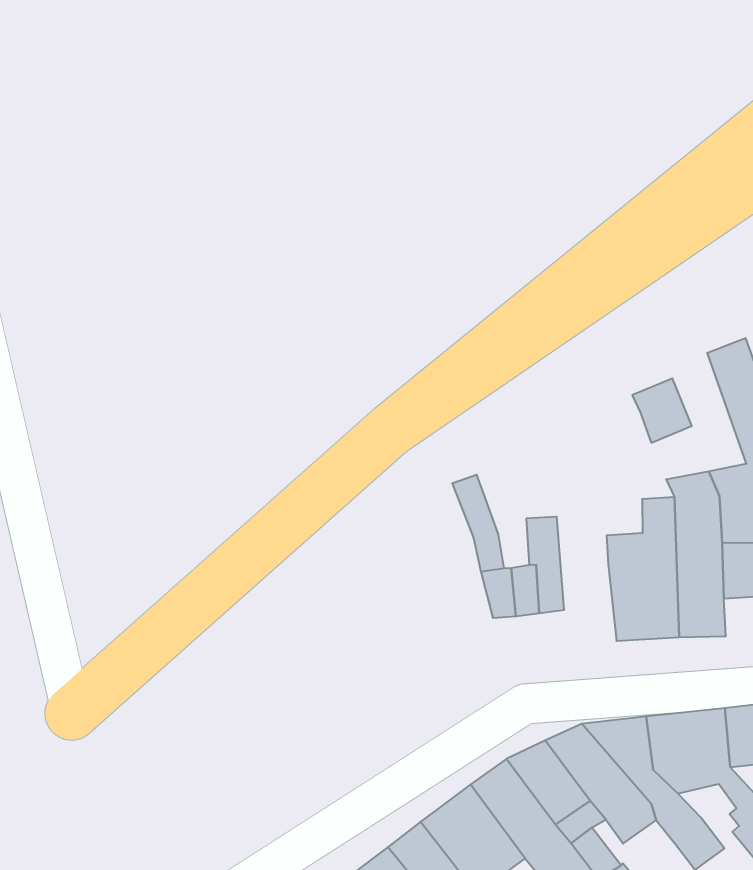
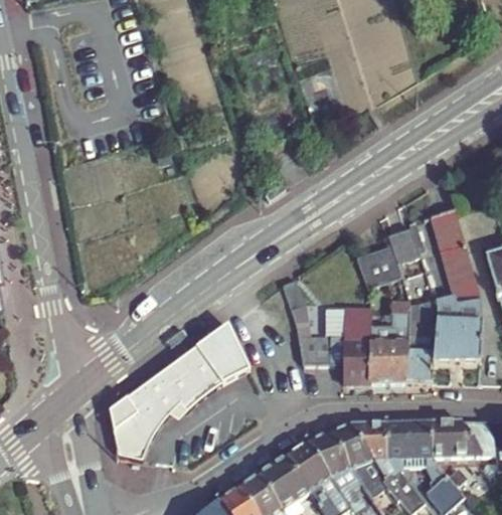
building: none -> [357,252,401,293]
building: none -> [342,308,371,379]
building: none -> [111,327,250,463]

